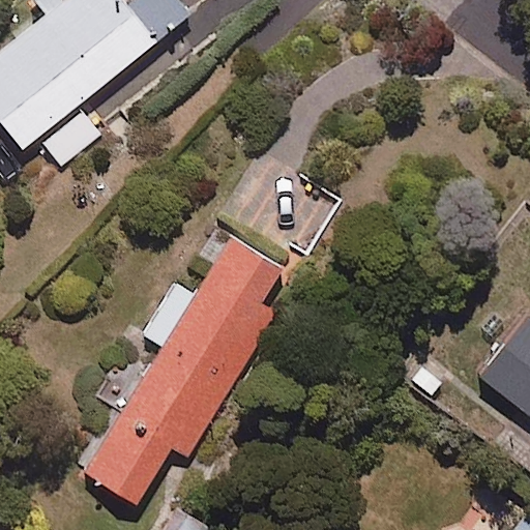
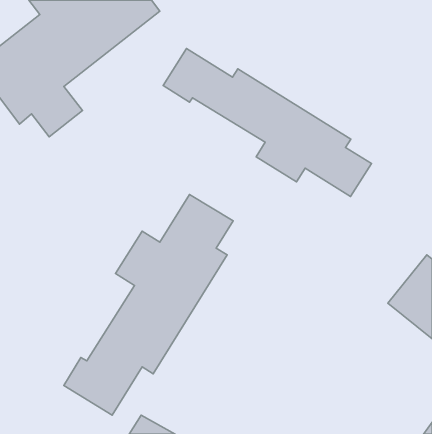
building: none -> [163,49,371,196]

